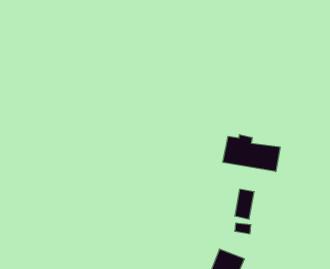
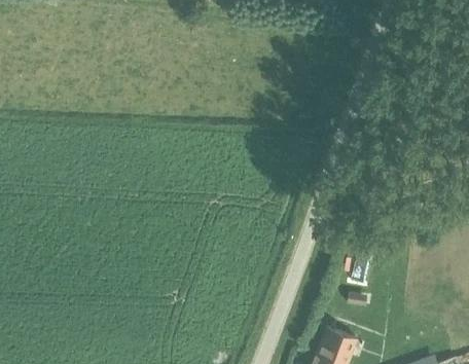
building: [223,135,280,172] -> none

